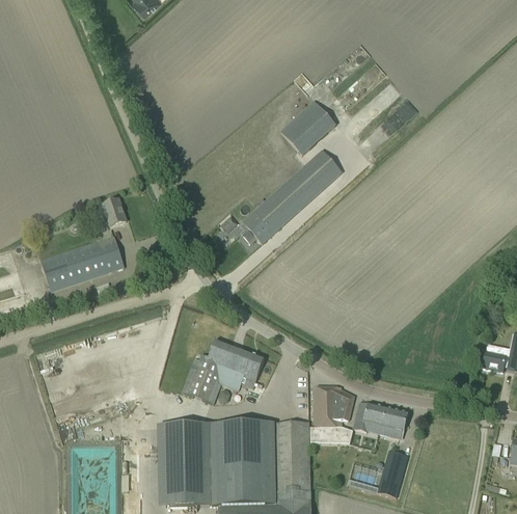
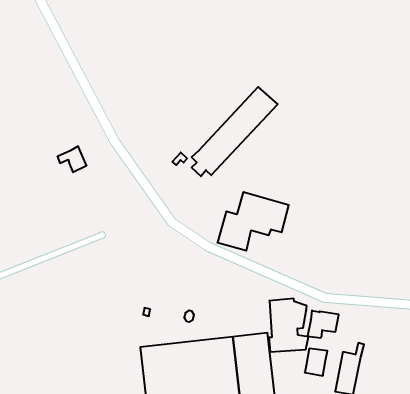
building: [279,100,336,156] -> none
building: [40,236,124,291] -> none
building: [182,340,264,404] -> [217,192,289,251]
building: [381,408,408,439] -> [305,349,327,376]

